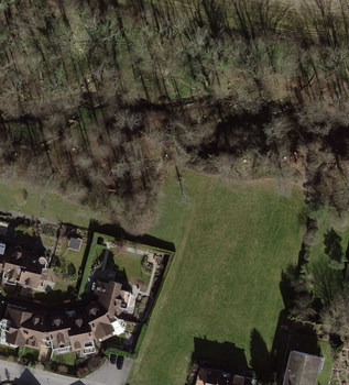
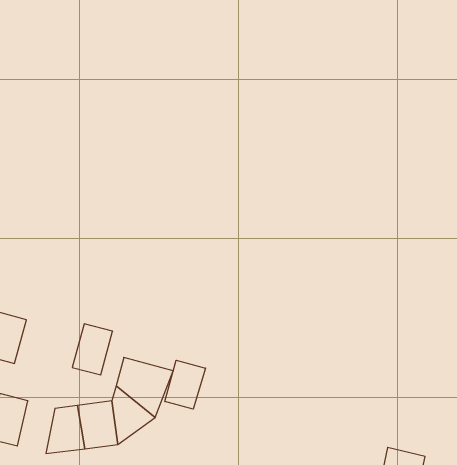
building: [19,253,48,290] -> [72,324,113,375]
building: none -> [165,360,206,409]
building: [21,312,48,351] -> none

